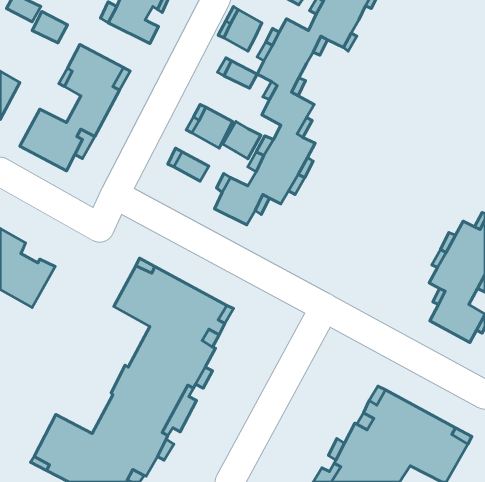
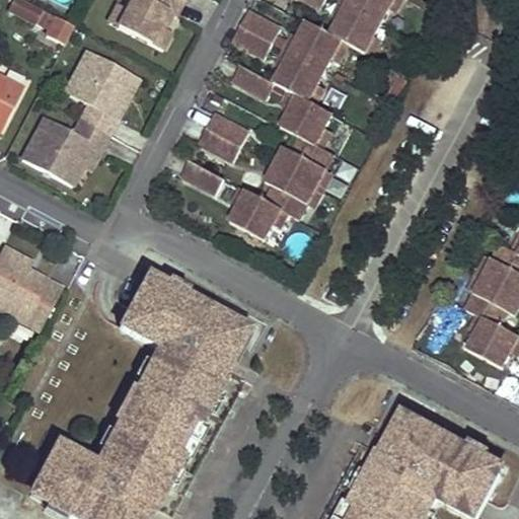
building: [223,121,261,159] -> none

